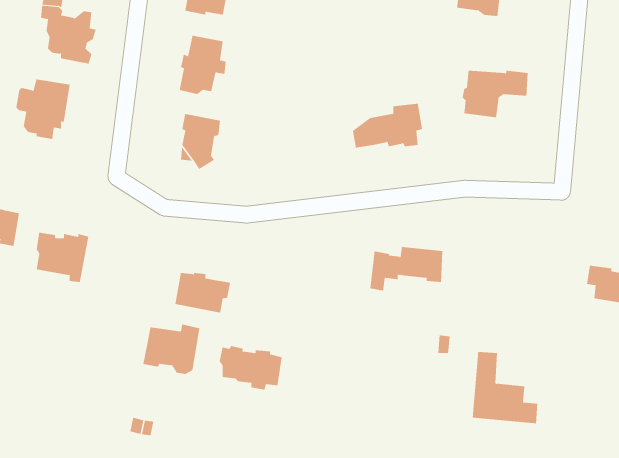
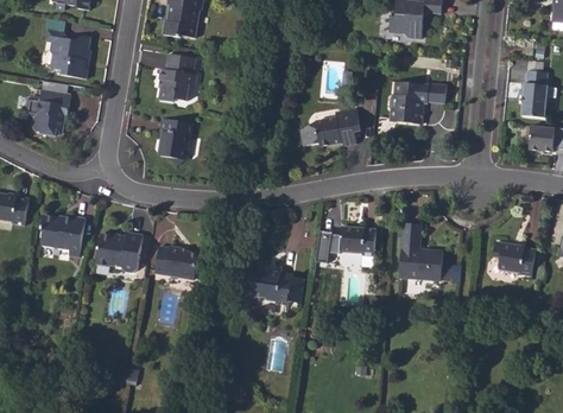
building: [142,324,200,374] -> [96,231,144,273]
building: [219,345,282,390] -> [252,269,304,306]
building: [472,351,538,424] -> [400,223,455,282]

